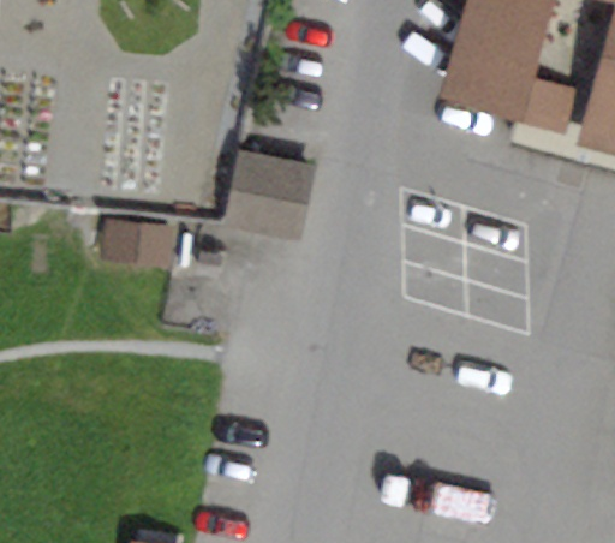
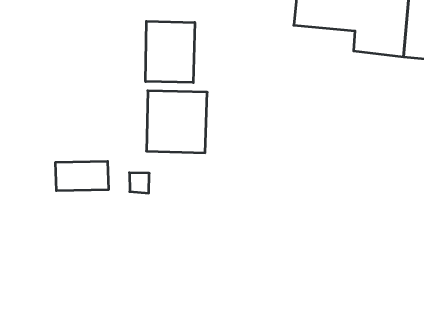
building: none -> [146,21,195,83]

